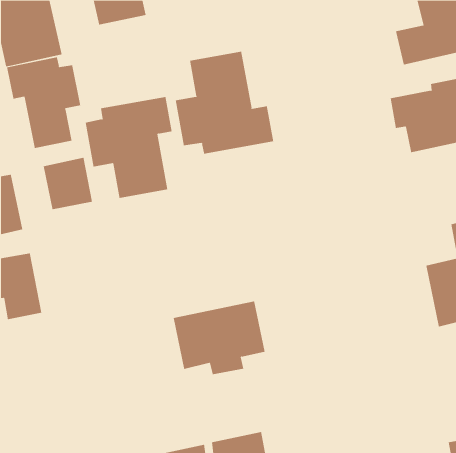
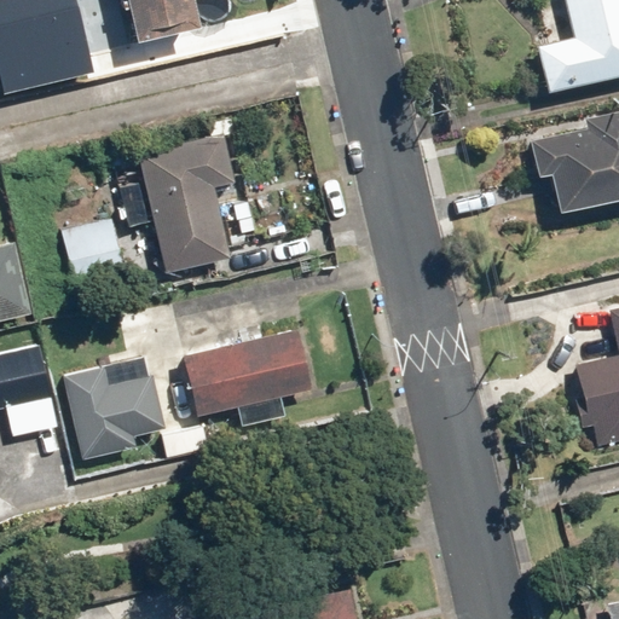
building: [175,51,274,155] -> none
building: [7,57,81,149] -> none
building: none -> [63,365,166,459]
building: [173,301,266,375] -> [185,324,311,424]

